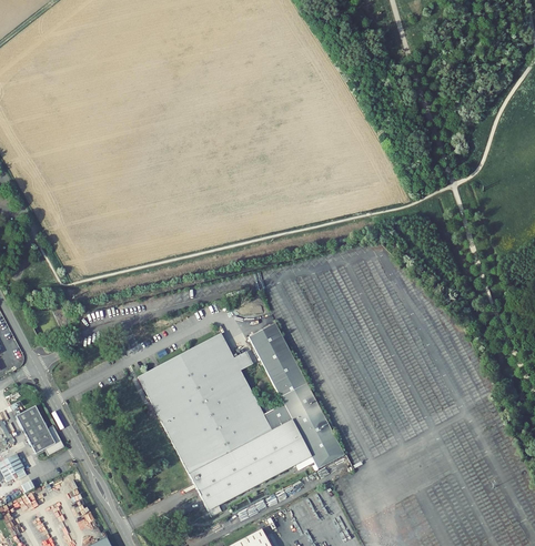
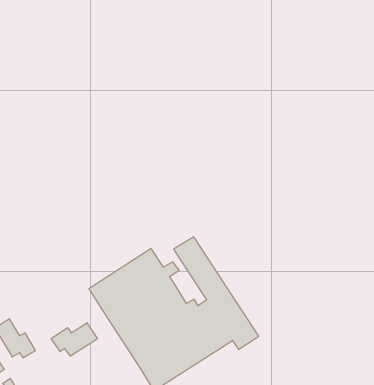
building: none -> [51,323,97,356]

